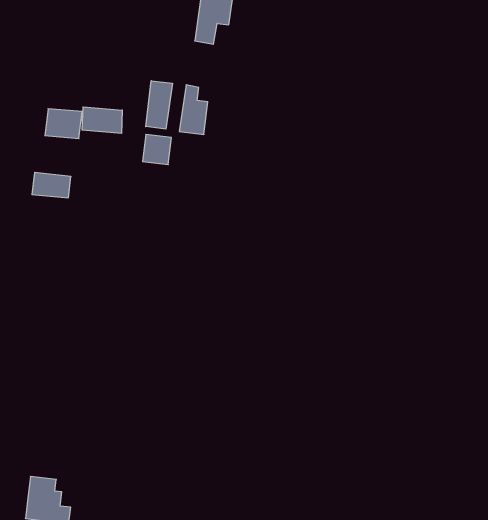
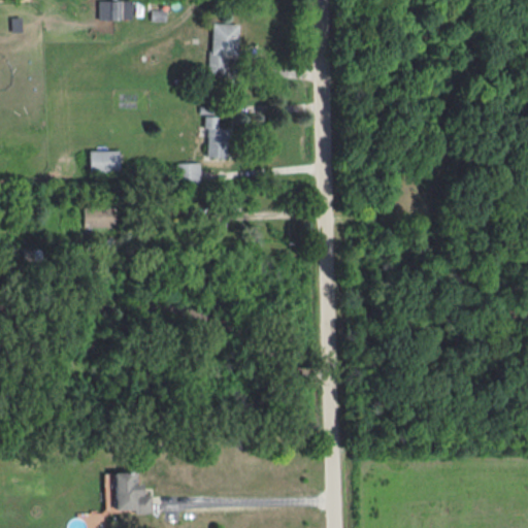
building: [146,81,172,129] -> none
building: [82,107,122,133] -> none

